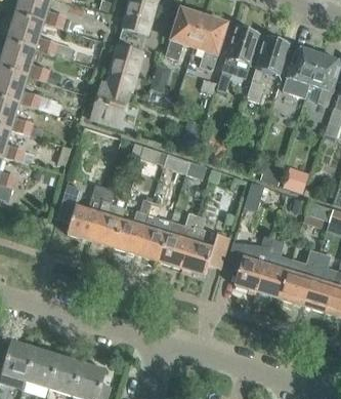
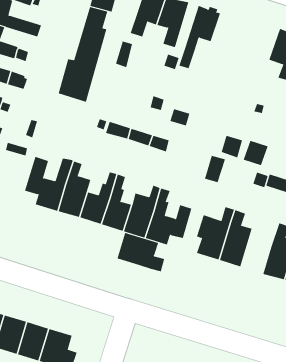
building: [245,36,287,102] -> none
building: [282,46,319,97] -> none
building: [280,249,318,305] -> none
building: none -> [117,232,165,272]

